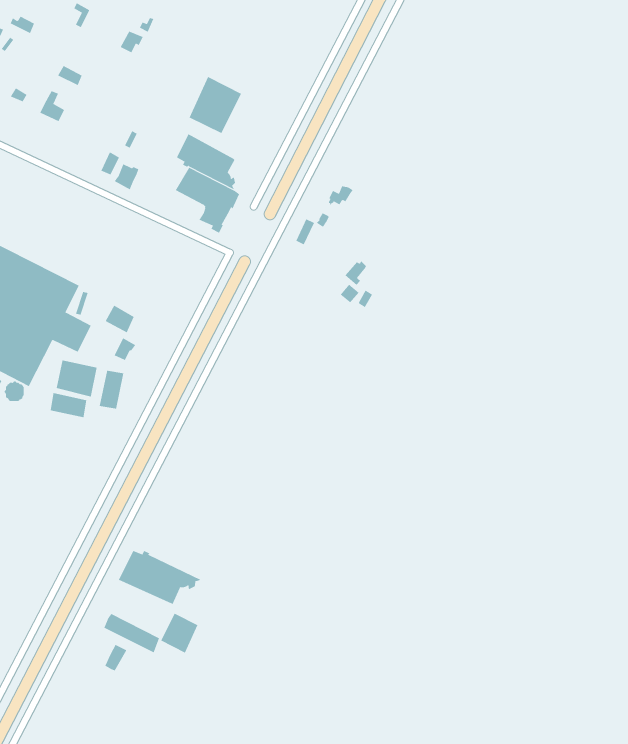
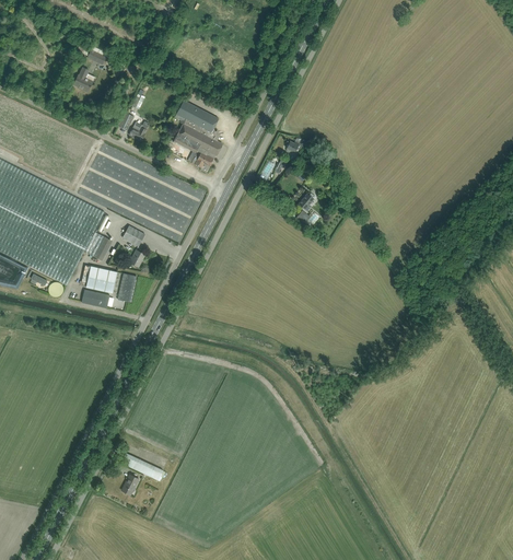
building: [189,76,242,134] -> none
building: [118,550,201,605] -> none
building: [160,613,198,654] -> none

